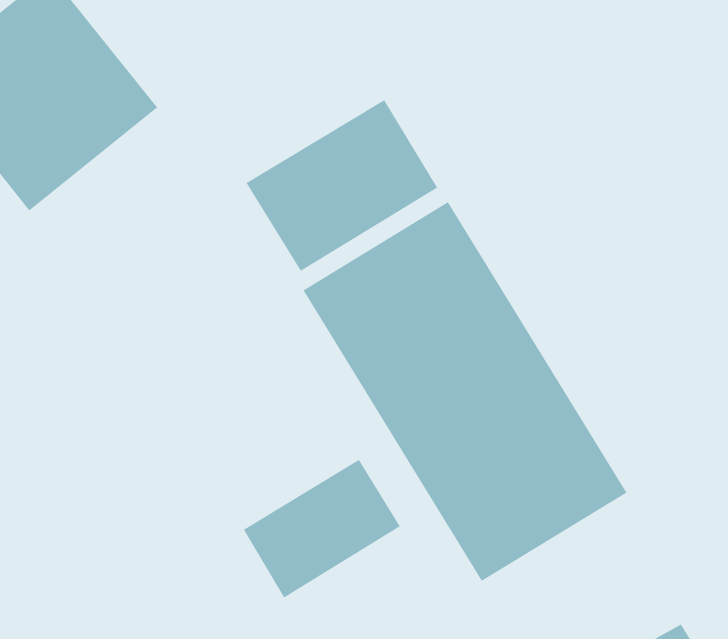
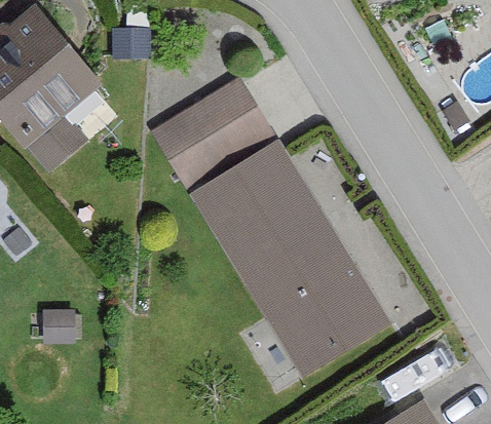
building: [243,459,401,598] -> none

